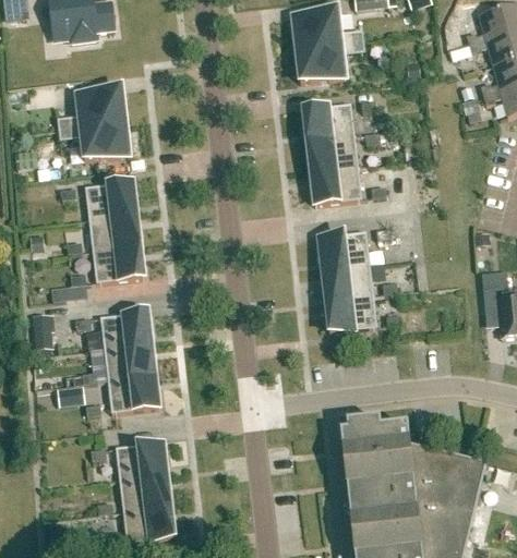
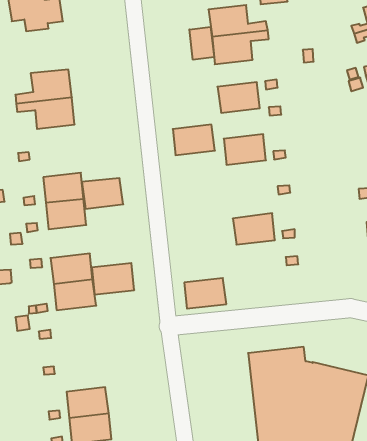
building: none -> [189,27,214,60]
building: [306,134,358,171] -> [173,125,215,155]
building: [86,181,136,218] -> [82,178,123,209]
building: [317,230,369,268] -> none
building: [325,294,376,331] -> [184,278,226,309]
building: [107,374,158,412] -> [92,263,134,295]
building: [115,440,166,478] -> none

